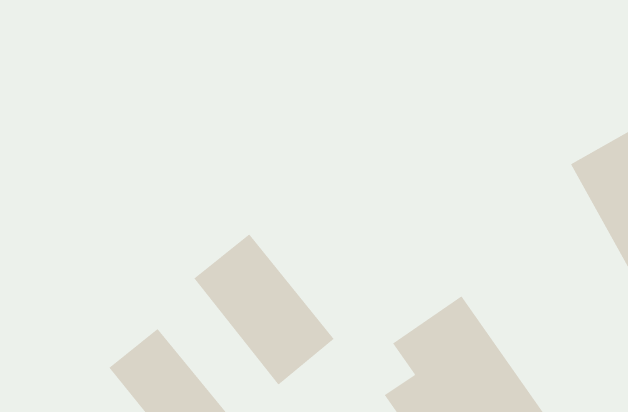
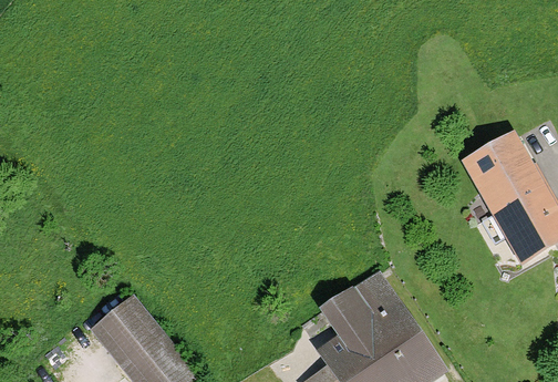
building: [194,234,334,385] -> none

